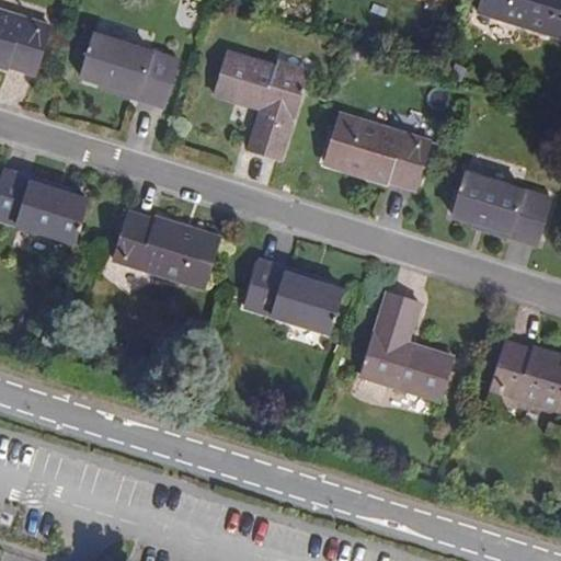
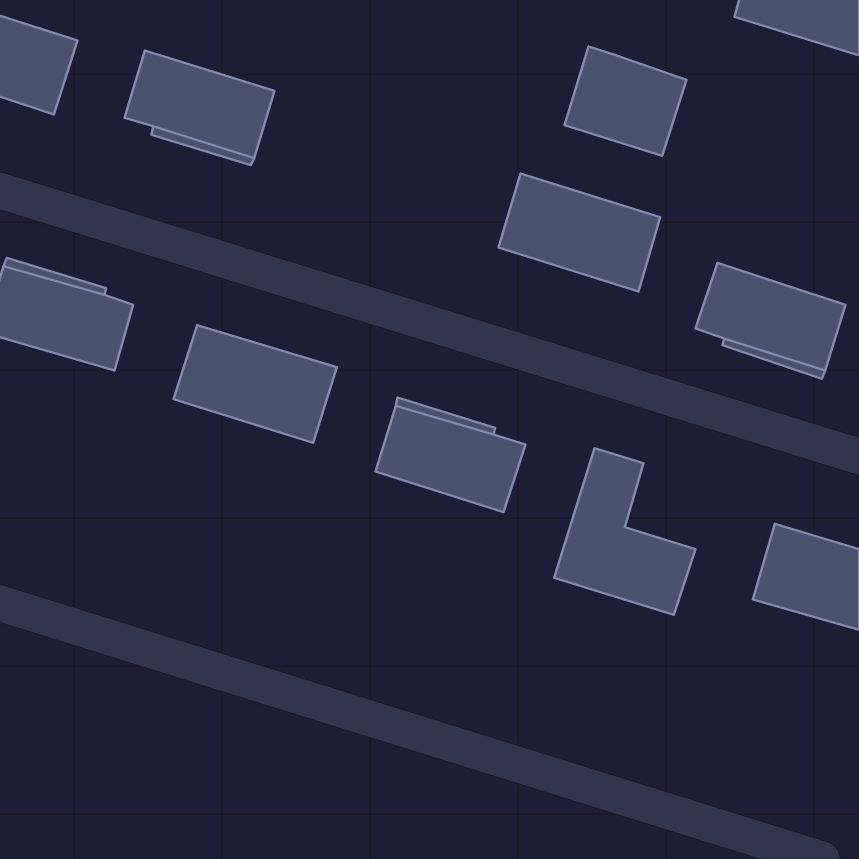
building: none -> [564,47,686,156]
building: [215,51,306,158] -> none

